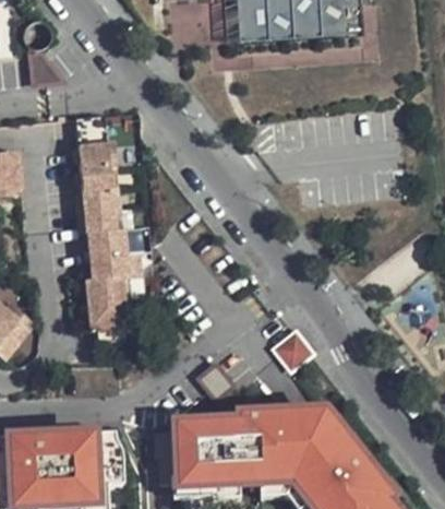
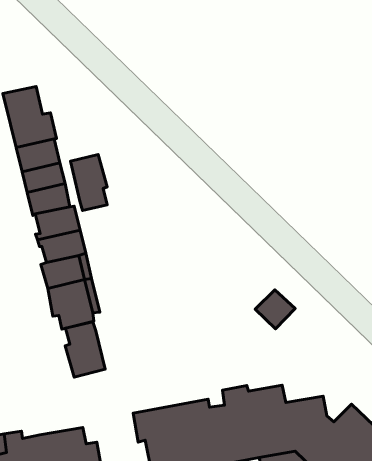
building: none -> [70,154,107,211]
building: none -> [65,322,105,377]
building: [260,412,353,460] -> none

